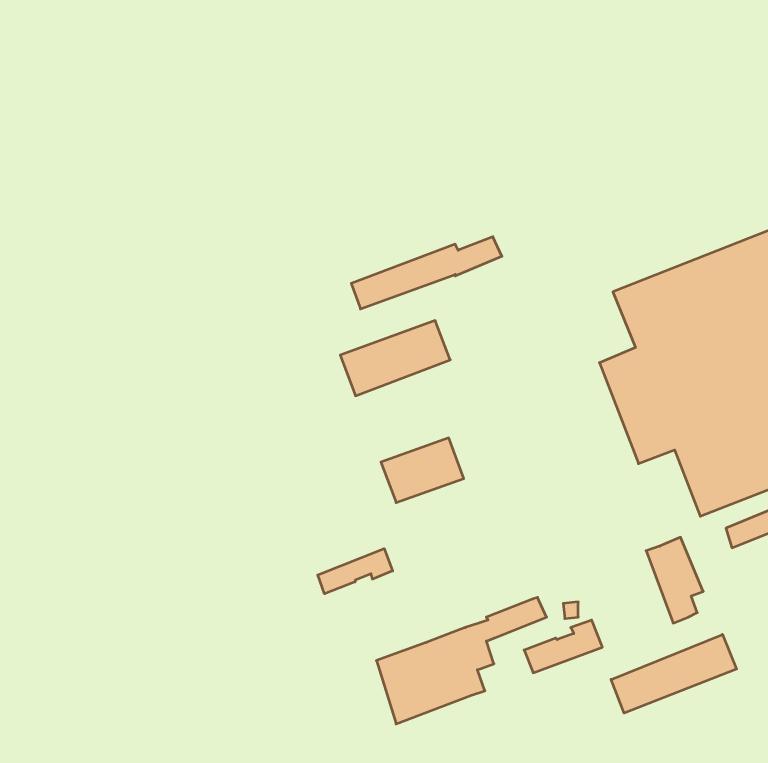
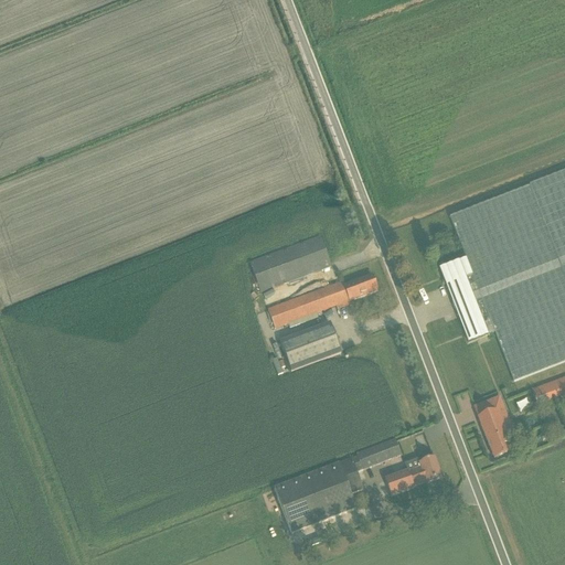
building: [351,237,502,309] -> [268,273,379,326]
building: [318,549,393,594] -> none
building: [611,634,737,713] -> none

